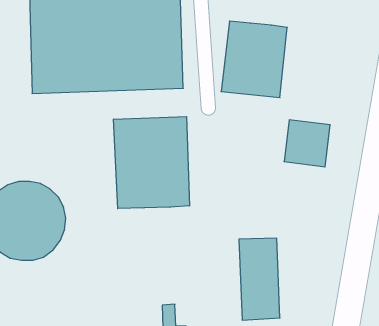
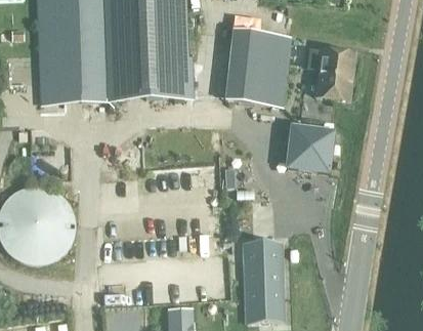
building: none -> [315,49,353,100]
building: [114,117,190,209] -> none

